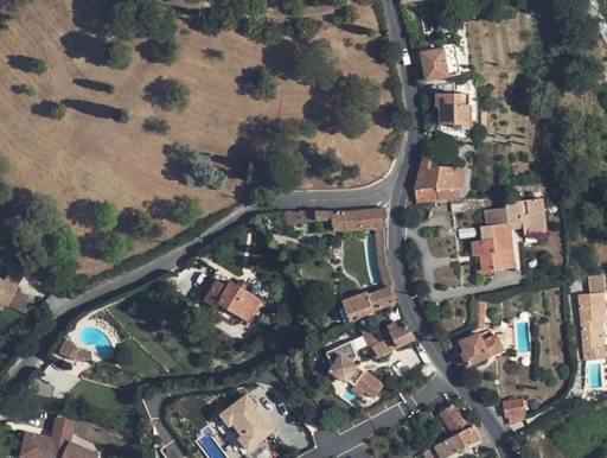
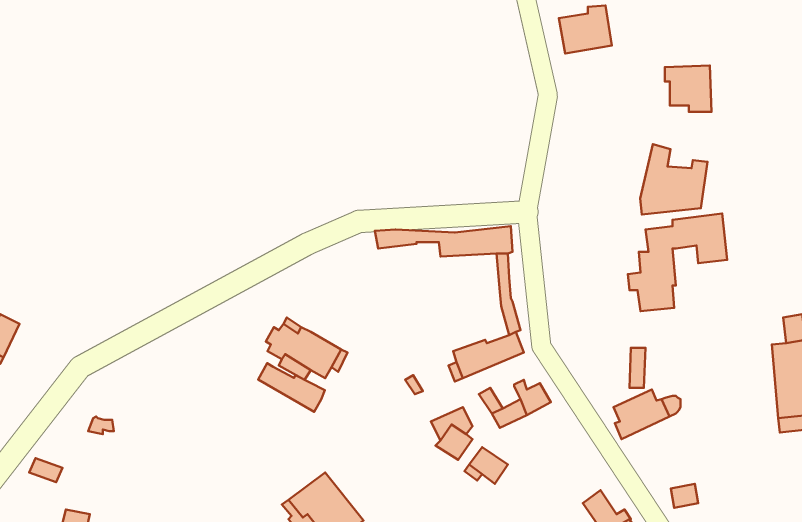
building: [436,94,471,128] -> [665,65,711,112]
building: [415,150,465,202] -> [640,144,707,215]
building: none -> [258,363,325,412]

